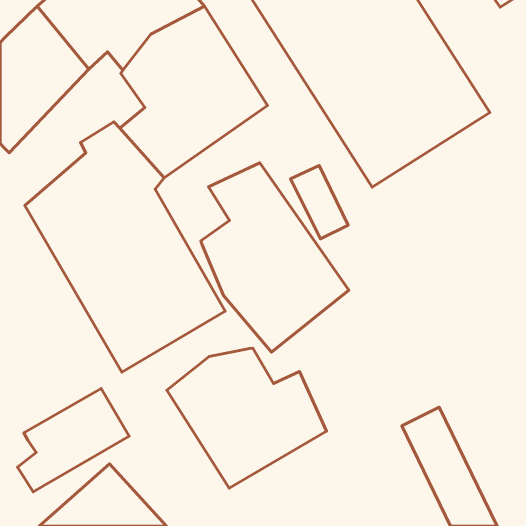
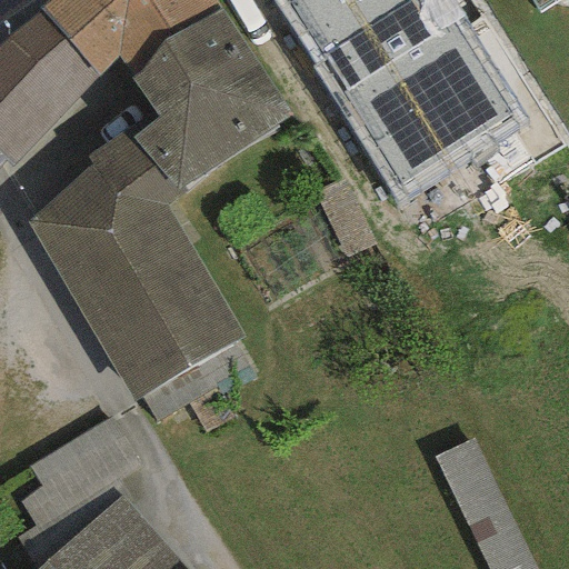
building: [201,163,349,352] -> none
building: [167,348,326,488] -> none

